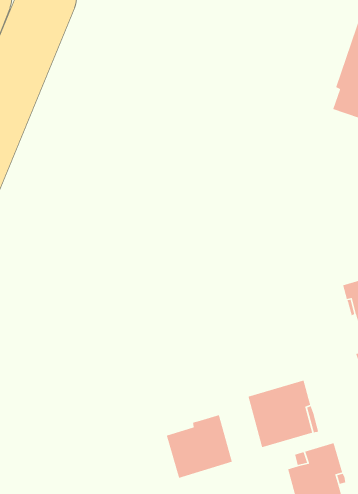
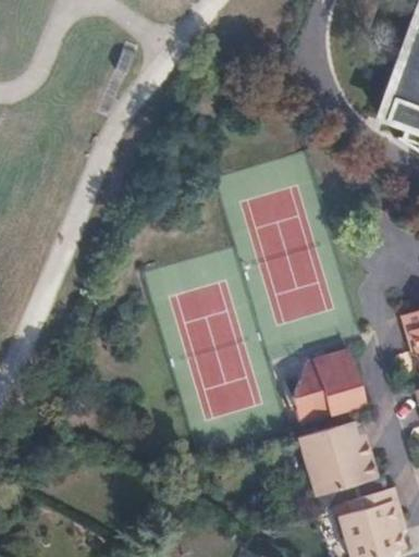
building: none -> [288,349,361,423]
building: [166,414,233,479] -> none

